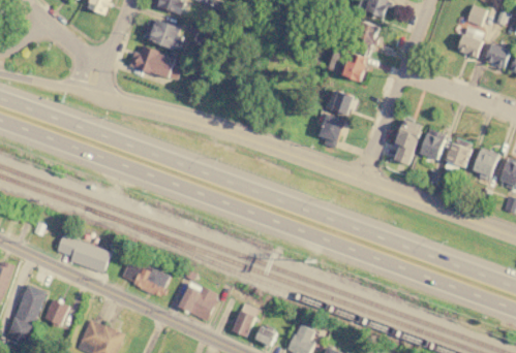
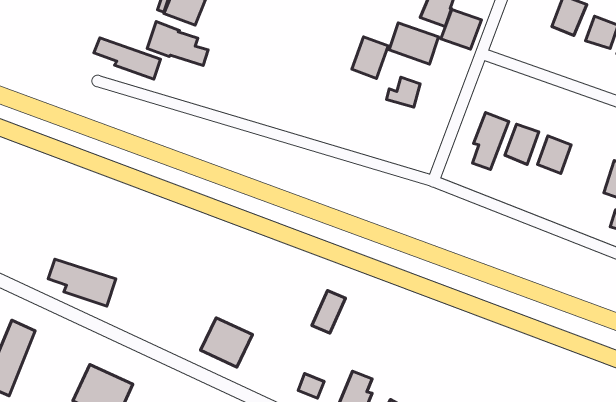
building: none -> [441,10,481,49]
building: none -> [94,38,161,79]
building: [316,114,345,147] -> [352,37,388,78]
building: [472,148,498,179] -> none
building: [121,259,169,296] -> none
building: [43,299,69,326] -> none
building: [232,302,259,336] -> [312,290,346,333]

